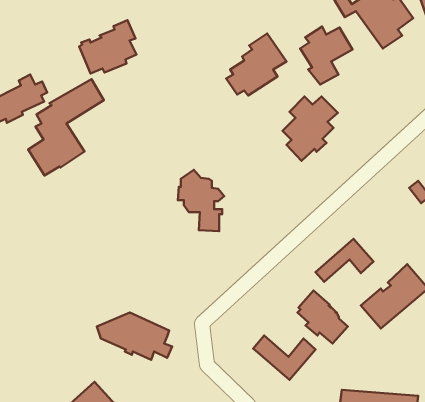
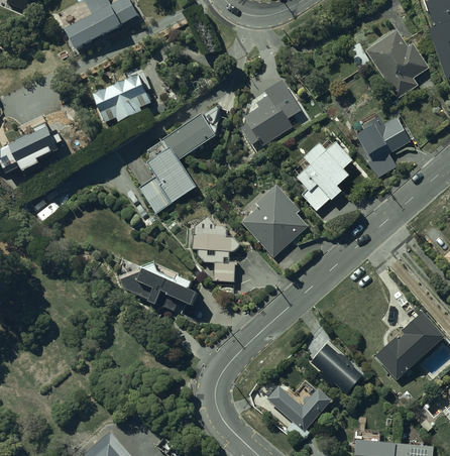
building: [300,26,352,85] -> [357,116,410,175]
building: [28,79,104,176] -> [139,115,215,212]
building: none -> [241,186,306,255]
building: [316,239,374,282] -> none
building: [97,312,172,360] -> [121,260,197,308]

